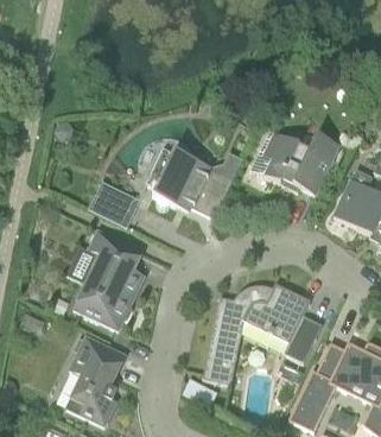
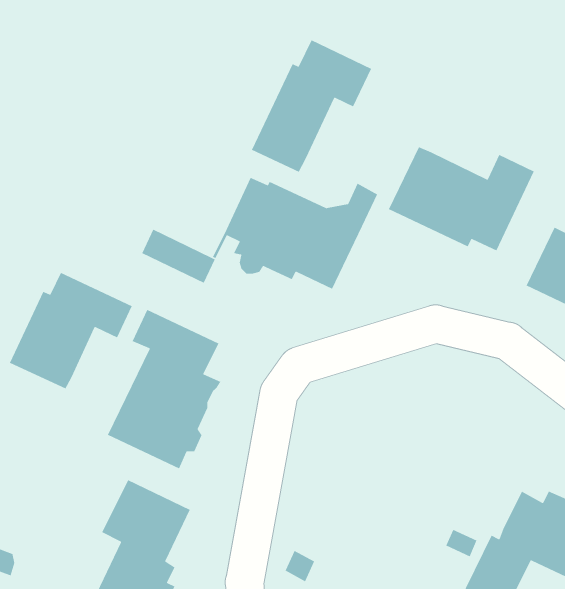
building: none -> [251,39,372,173]
building: none -> [9,272,133,389]
building: [203,284,323,385] -> none

